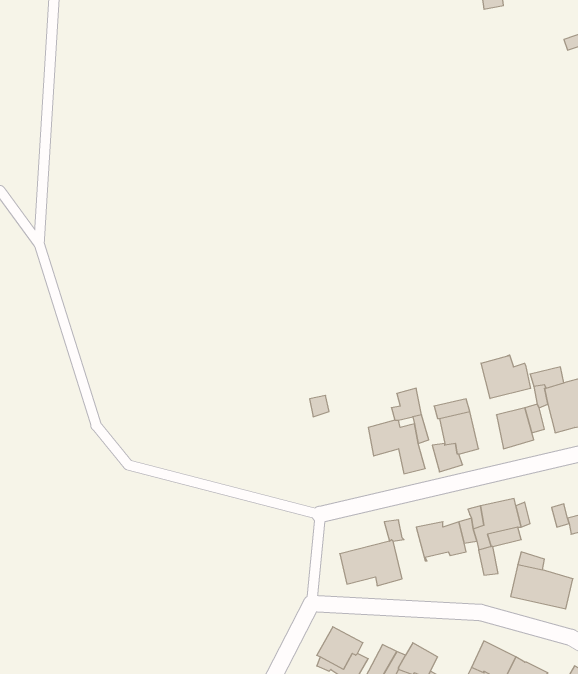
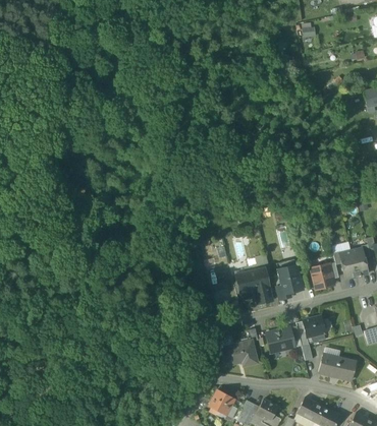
building: [481,355,531,399] -> none

